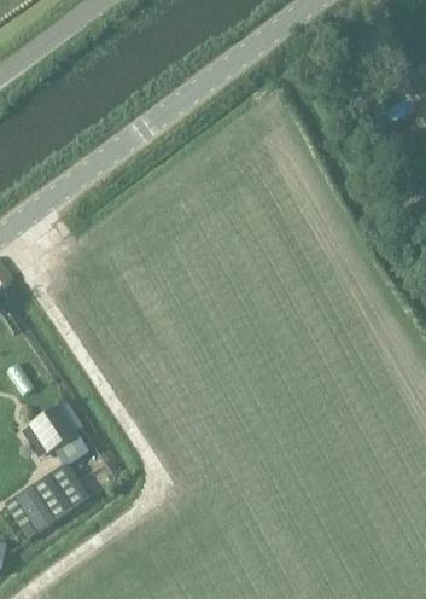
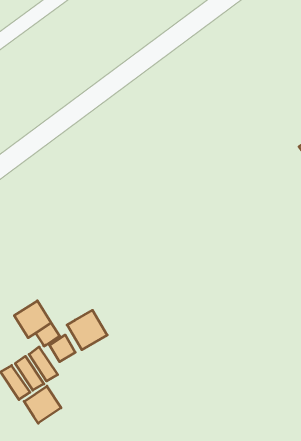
building: none -> [67,310,107,350]
building: none -> [24,386,61,423]

